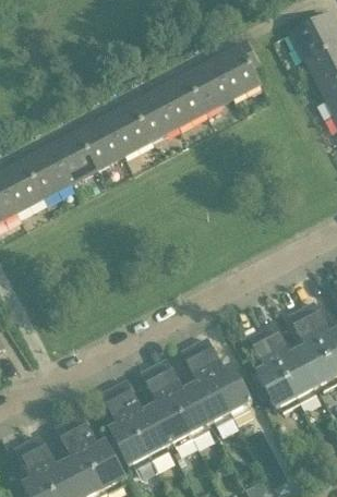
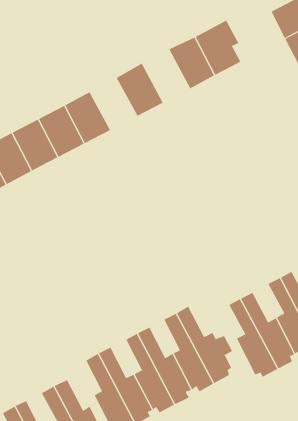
building: [158,71,207,126] -> none
building: [104,100,153,155] -> none

